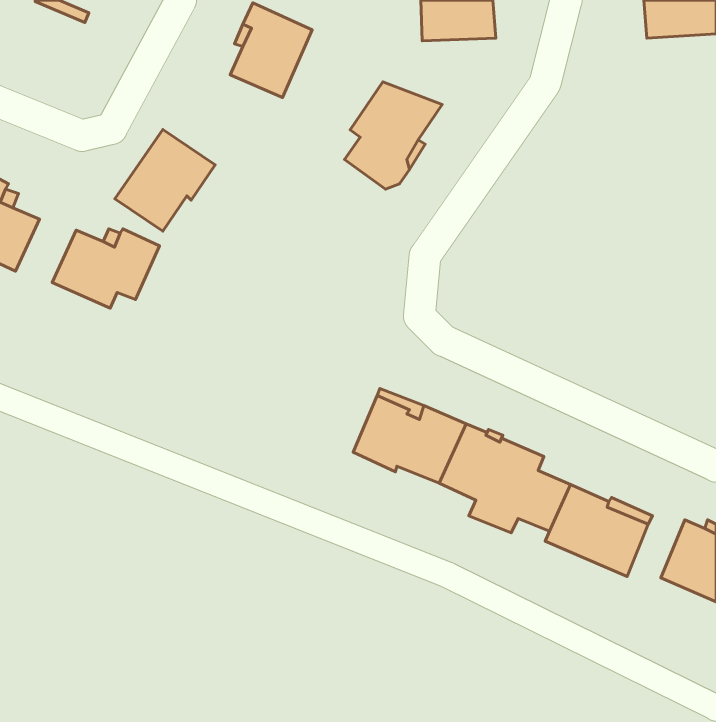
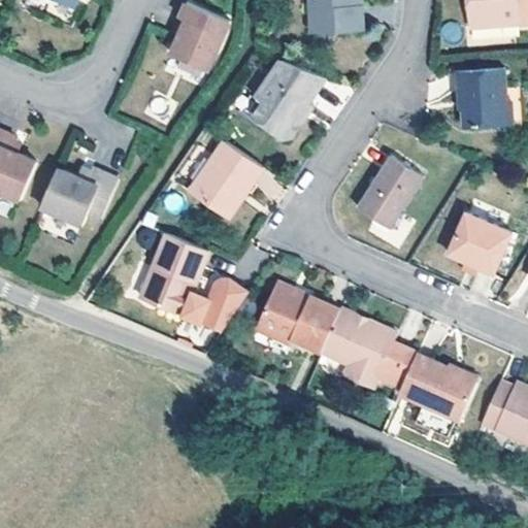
building: none -> [457,67,508,128]
building: [115,129,215,231] -> [189,140,262,214]
building: none -> [358,154,425,226]
building: none -> [448,209,512,272]
building: none -> [142,233,250,330]

